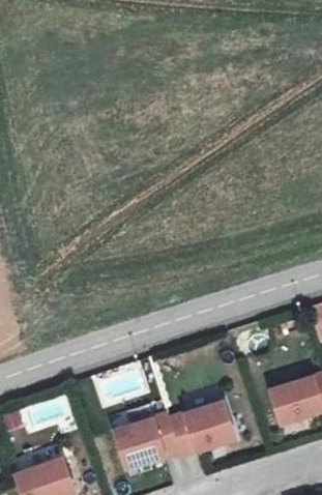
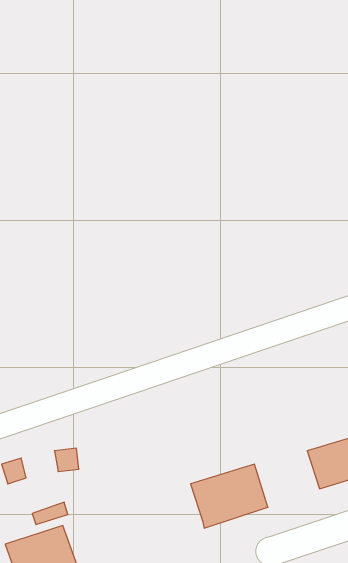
building: [113,416,179,470] -> none

